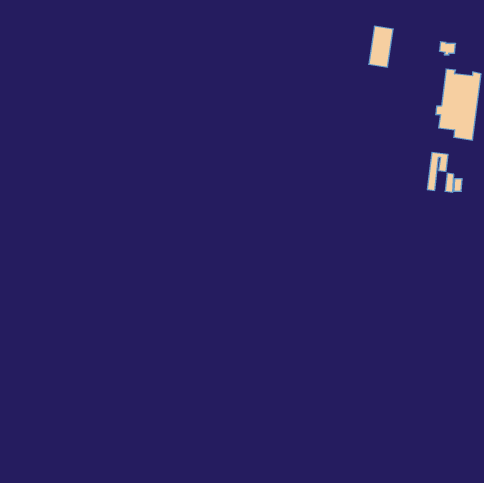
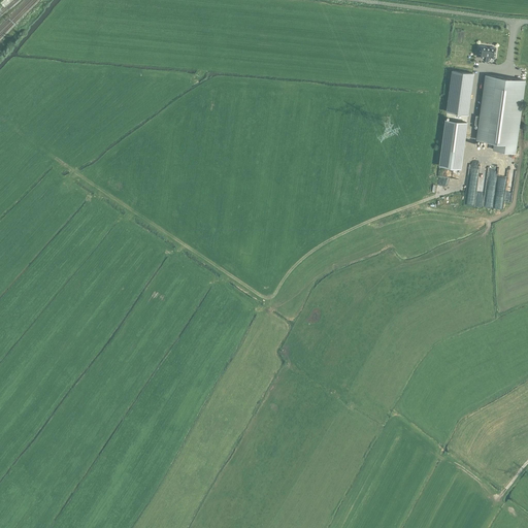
building: [369,26,393,67] -> [447,71,473,116]
building: none -> [439,121,466,169]

